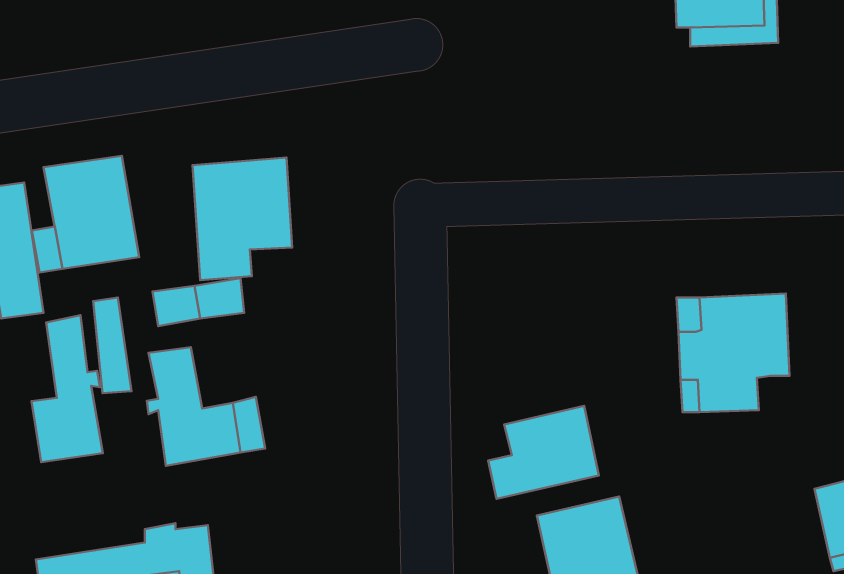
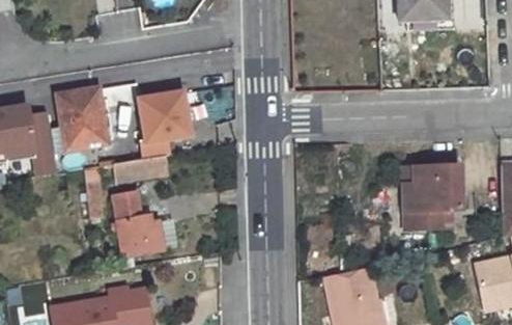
building: [31,315,103,462] -> none
building: [488,406,599,499] -> none

